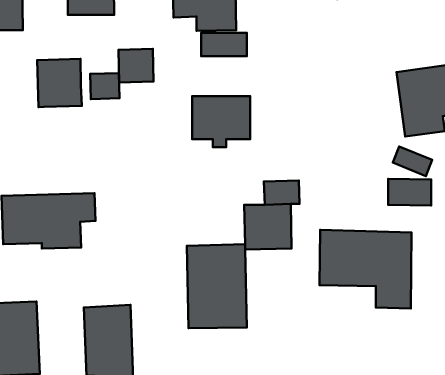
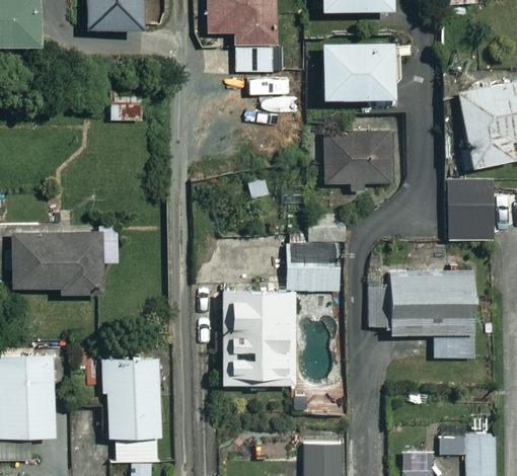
building: none -> [320,44,393,97]
building: [118,49,153,83] -> none
building: [37,59,82,107] -> none
building: [192,96,250,147] -> [325,135,391,192]

